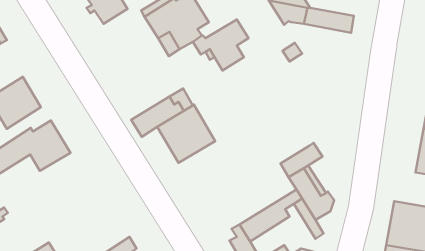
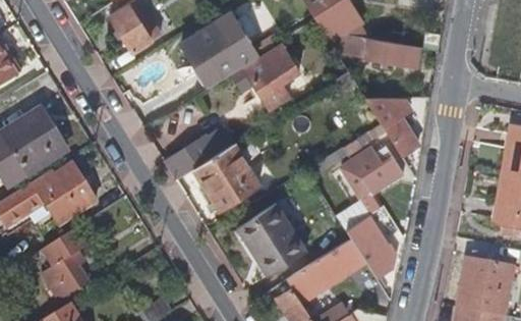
building: none -> [363,96,414,151]
building: none -> [345,139,403,193]
building: none -> [240,208,306,277]
building: none -> [42,227,89,298]

